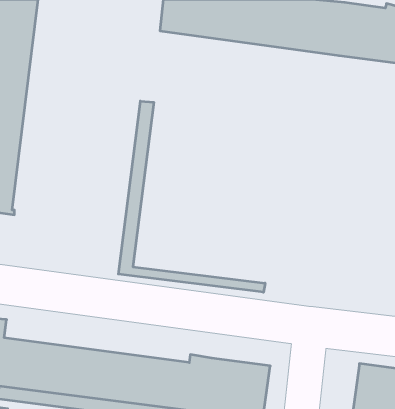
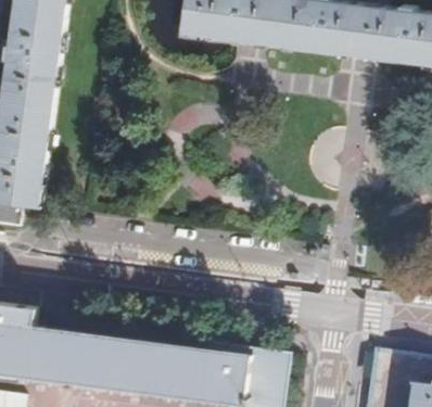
building: [118,101,265,292] -> none

